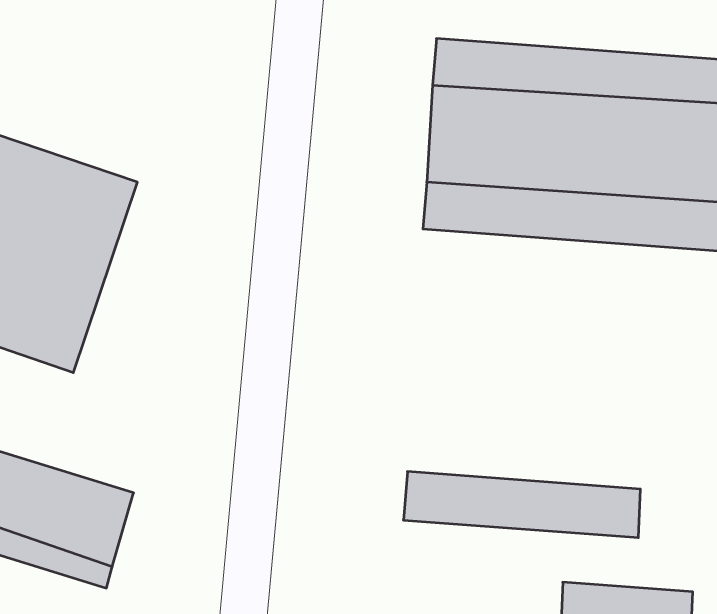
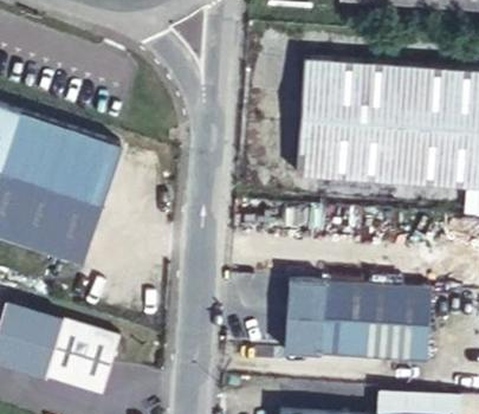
building: none -> [286,279,432,334]

